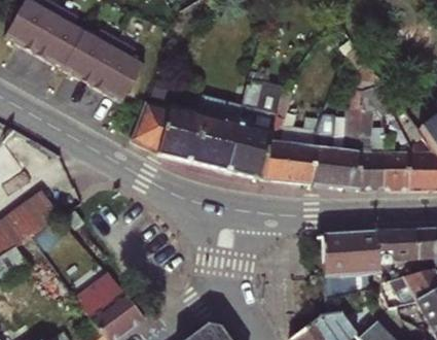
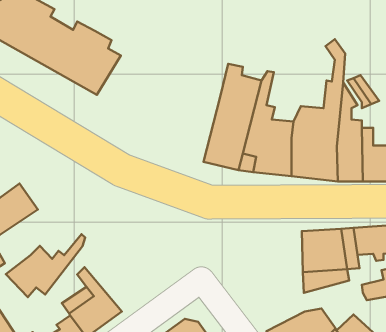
building: [131,94,242,168] -> none
building: none -> [6,234,85,297]

